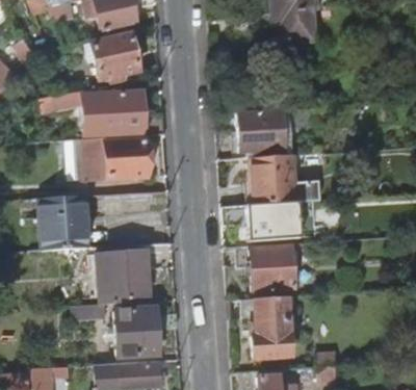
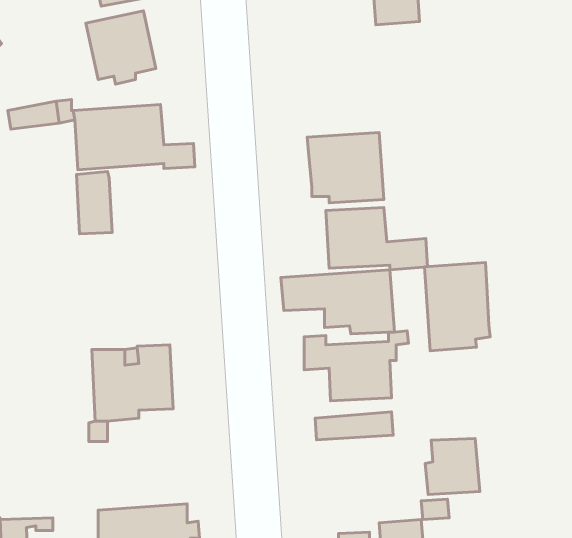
building: [106,138,146,177] -> none
building: [38,194,86,250] -> none
building: none -> [424,263,490,351]
building: [115,306,177,355] -> none
building: [252,319,288,357] -> [425,438,480,495]

